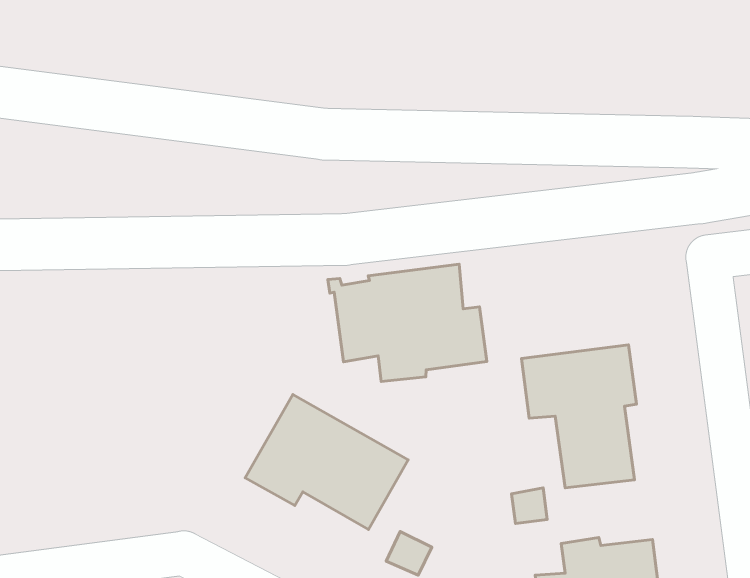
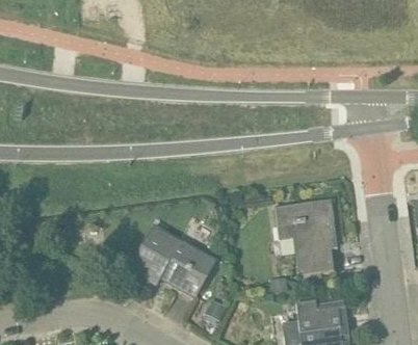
building: [328,264,487,382] -> none

